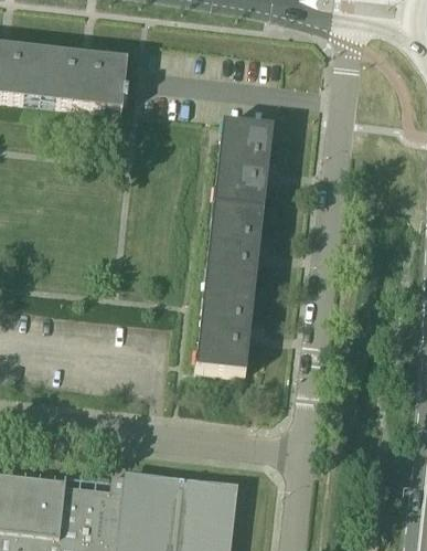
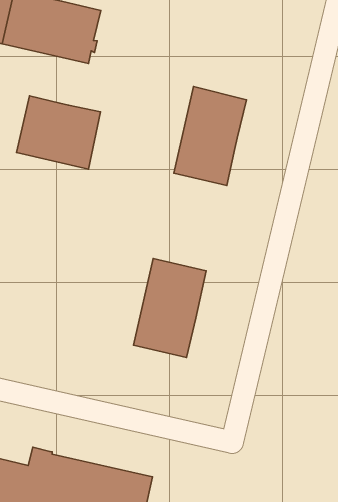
building: none -> [16,96,101,169]
building: [205,201,266,288] -> none

